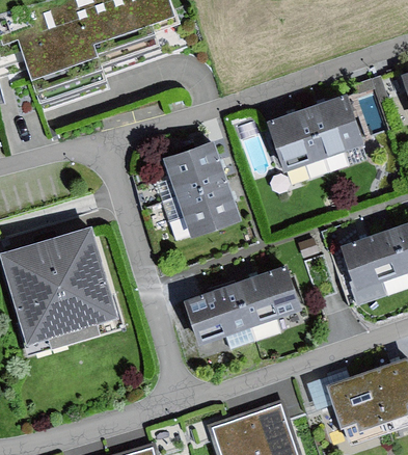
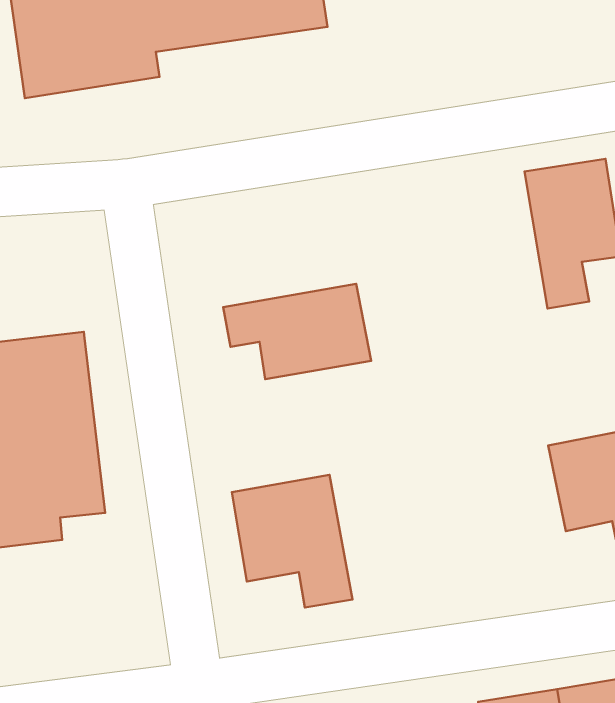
building: [267,107,328,181] -> none
building: [154,139,227,204] -> none
building: [230,261,301,343] -> none

